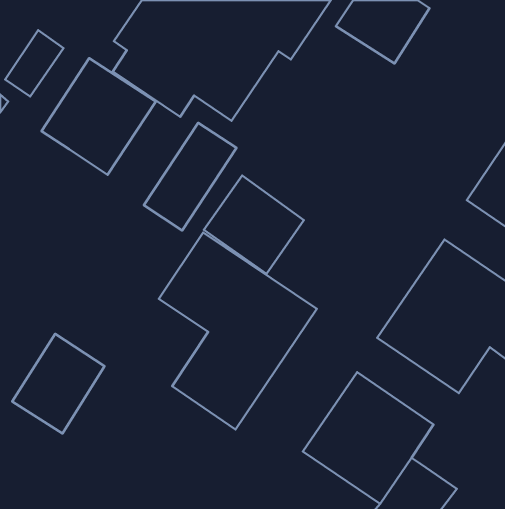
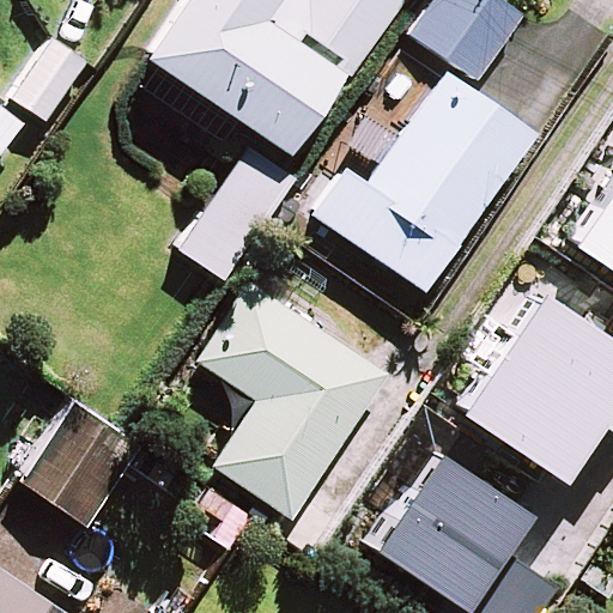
building: none -> [314,72,532,290]
building: [42,58,156,175] -> none
building: [204,175,304,274] -> none

